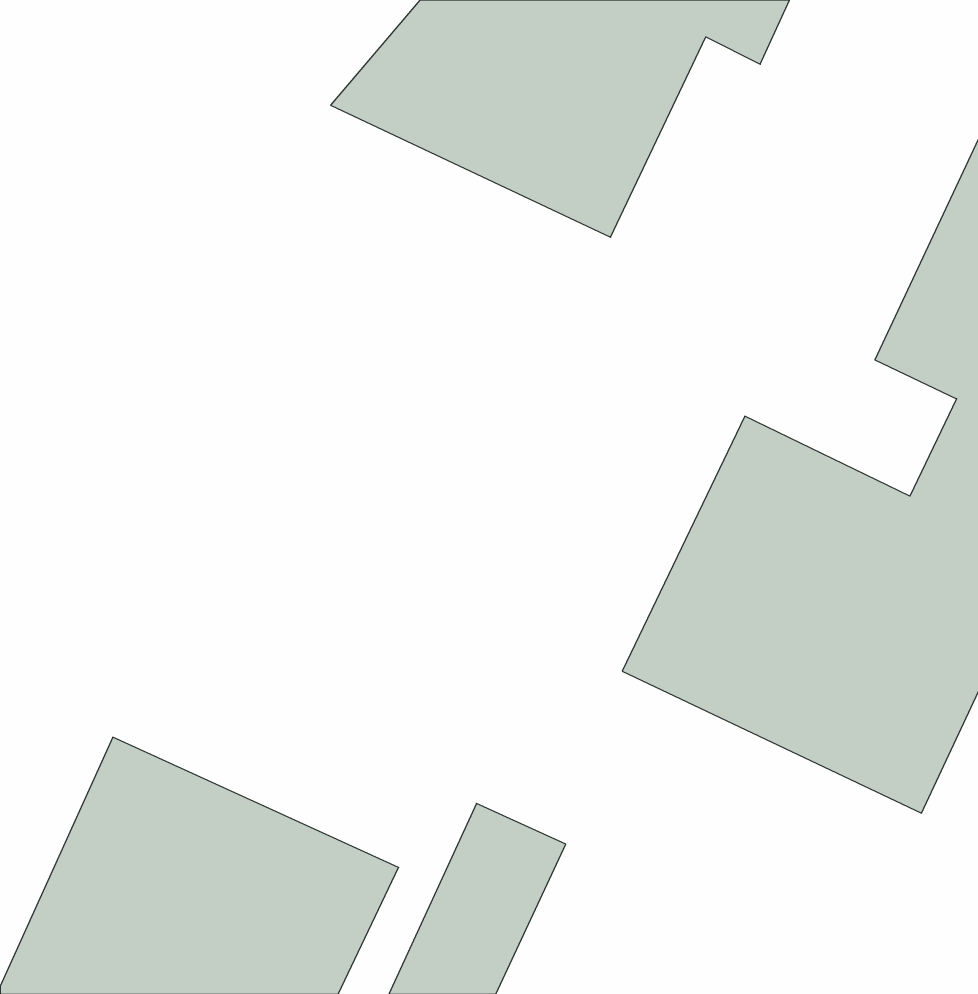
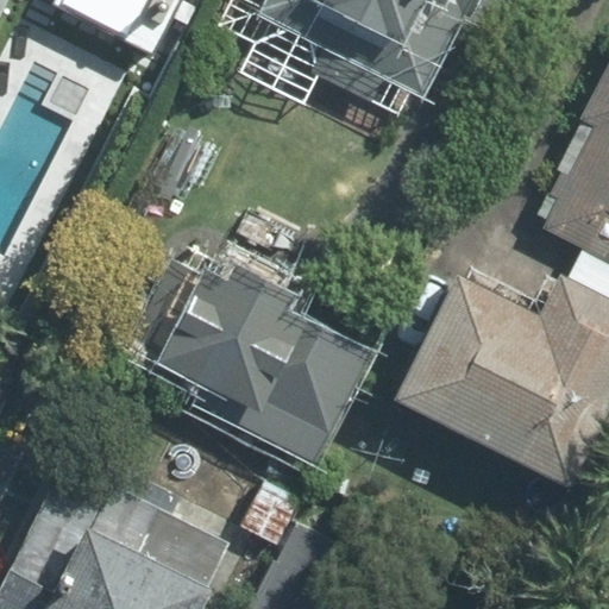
building: none -> [133,255,370,463]

